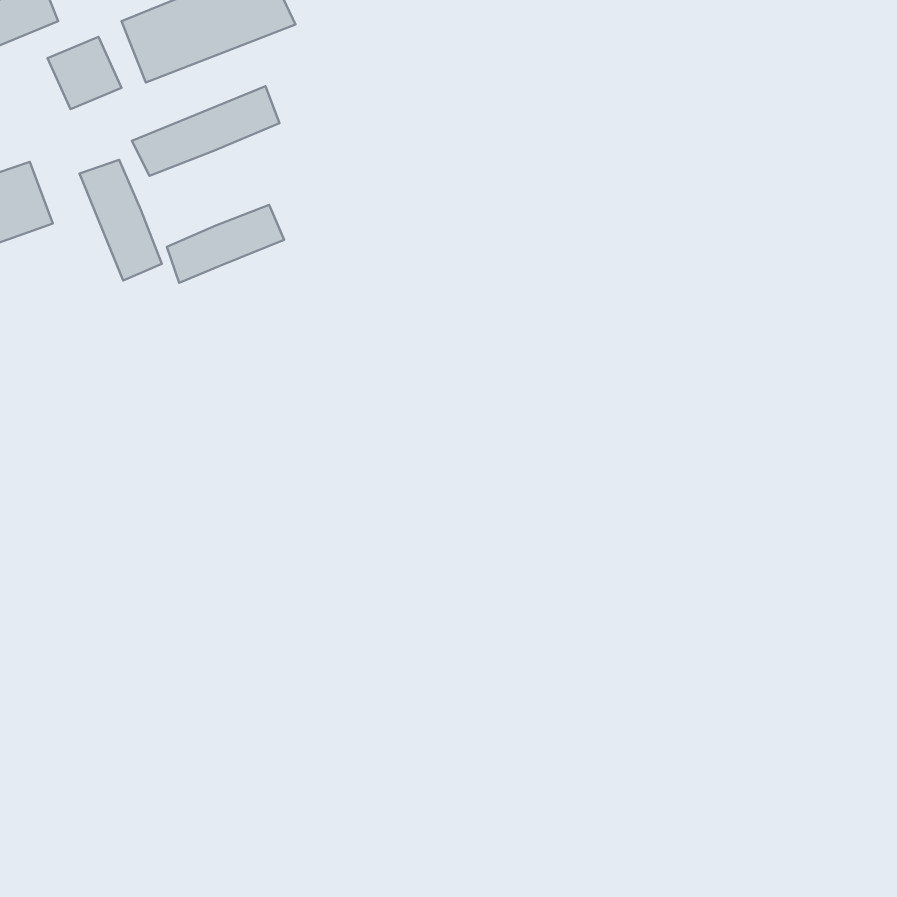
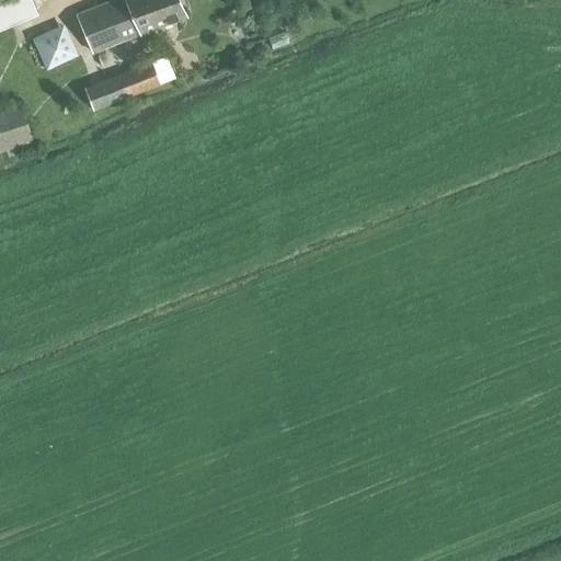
building: [79,160,162,281] -> none
building: [167,205,284,283] -> none

